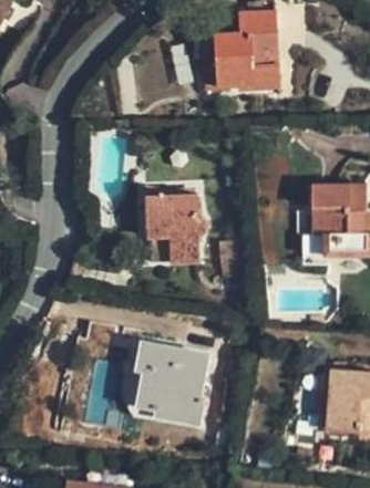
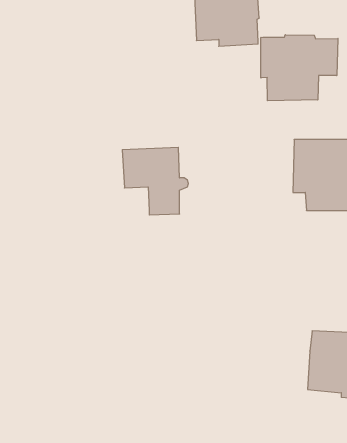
building: none -> [261,35,338,101]
building: [134,340,207,426] -> none

